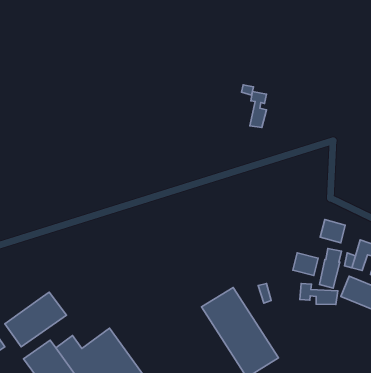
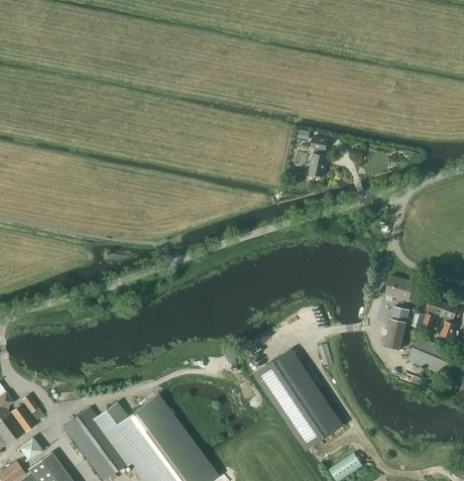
building: [293,253,318,275] -> none
building: [300,284,338,305] -> none
building: [5,292,66,347] -> none

